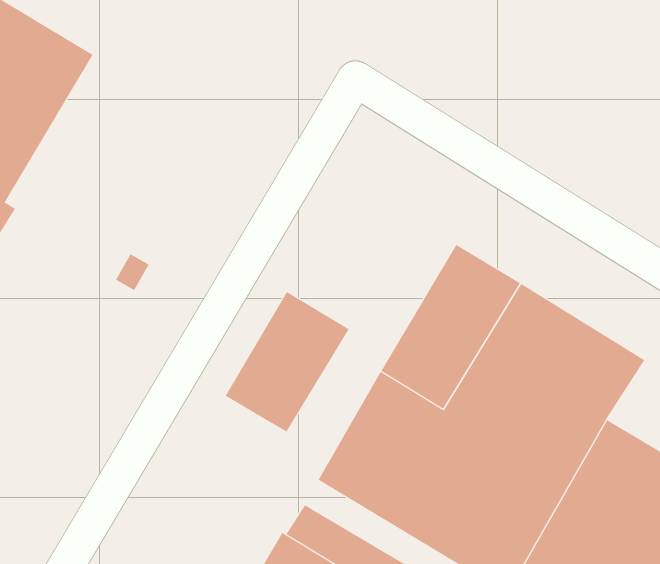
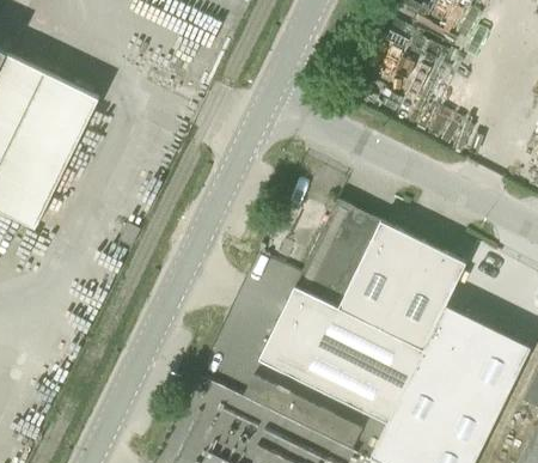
building: [225,291,350,433] -> none

